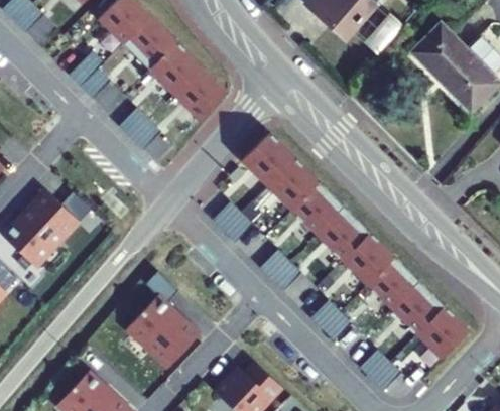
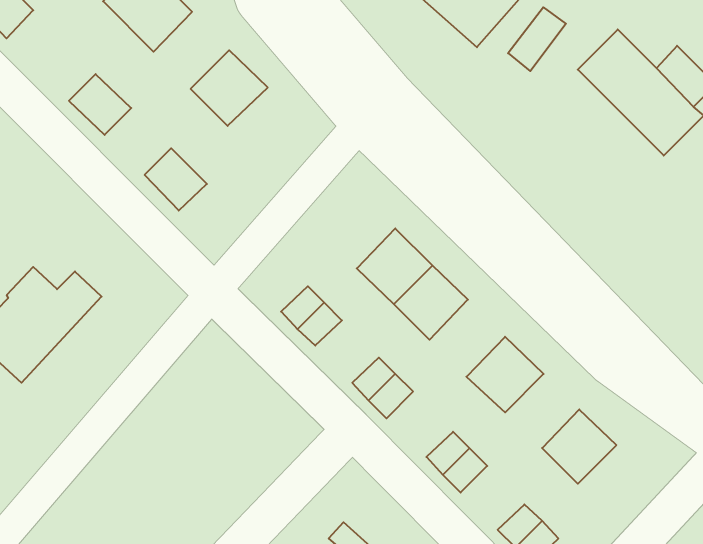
building: [125,14,176,66] -> none
building: [175,65,228,118] -> none
building: [238,138,289,188] -> none
building: [312,210,364,262] -> none
building: [364,260,414,310] -> none
building: [128,270,200,368] -> none
building: [413,308,465,360] -> none

